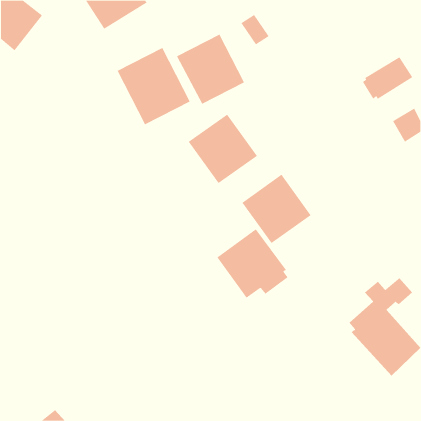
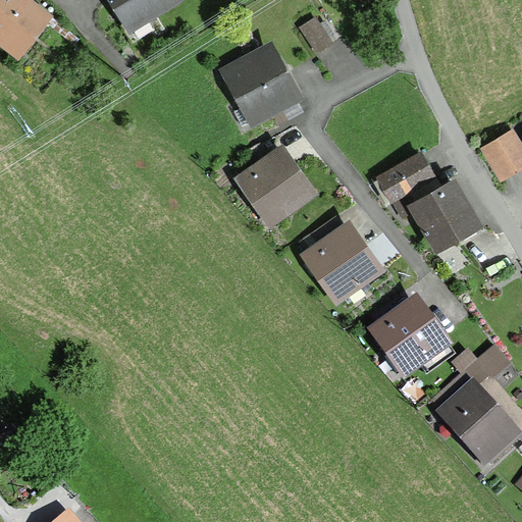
building: [117,47,190,125] -> none
building: [362,57,413,99] -> [372,149,435,202]
building: none -> [407,173,483,250]
building: [217,229,288,299] -> [366,292,455,378]

